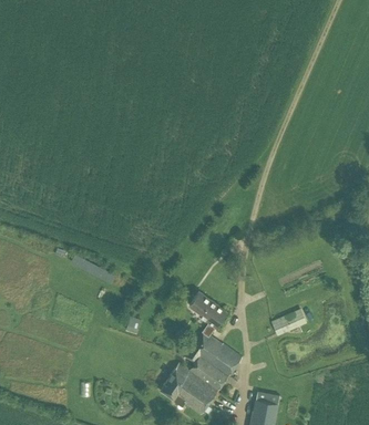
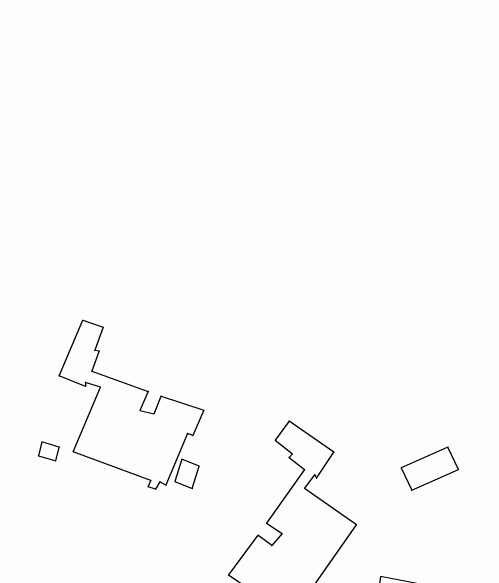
building: none -> [59,320,204,489]

